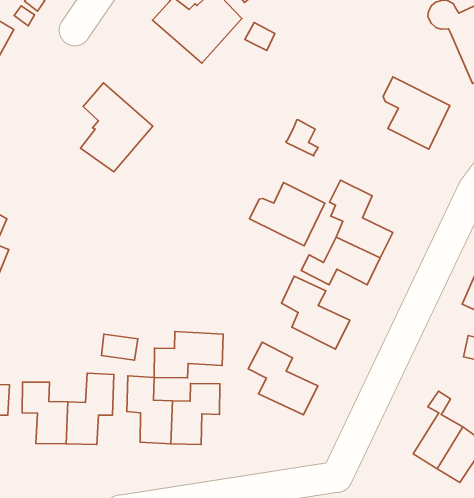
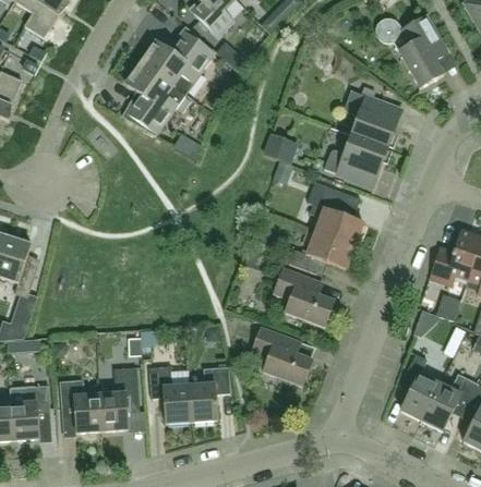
building: [80,83,153,172] -> [124,60,185,135]
building: [250,183,325,246] -> [324,133,387,185]
building: [154,331,223,378] -> none

